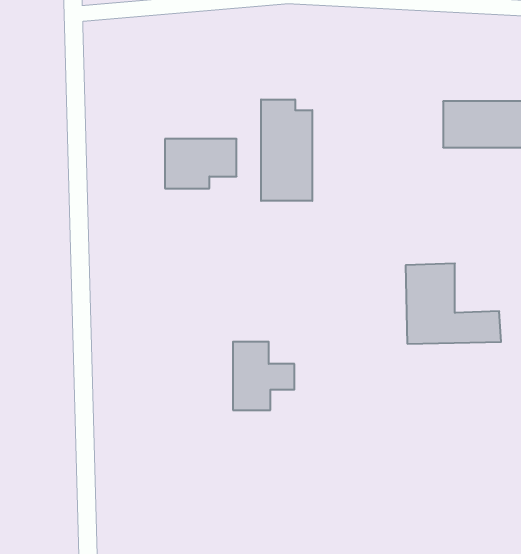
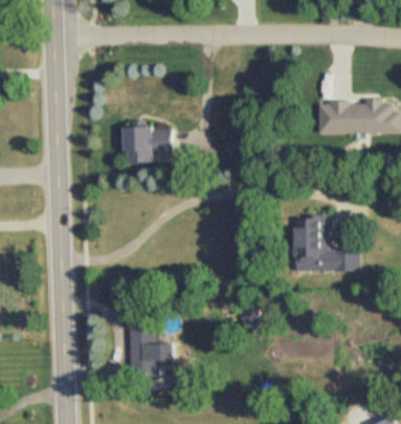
building: [261,99,312,201] -> none
building: [233,342,294,410] -> [129,326,172,375]

